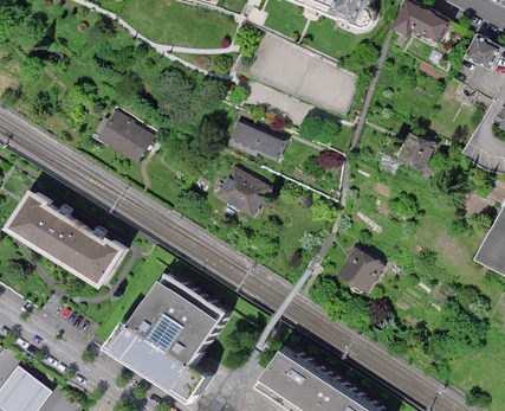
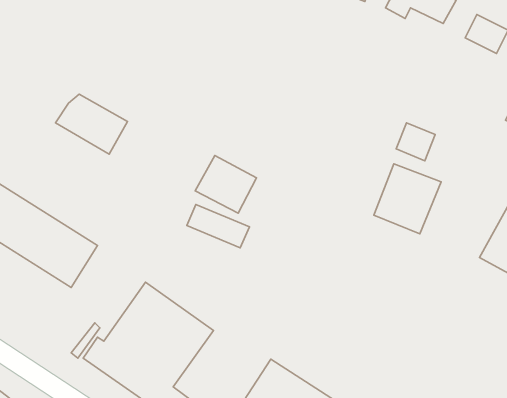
building: [228,121,285,160] -> [187,205,249,248]
building: none -> [374,164,441,234]
building: [338,249,386,295] -> none

